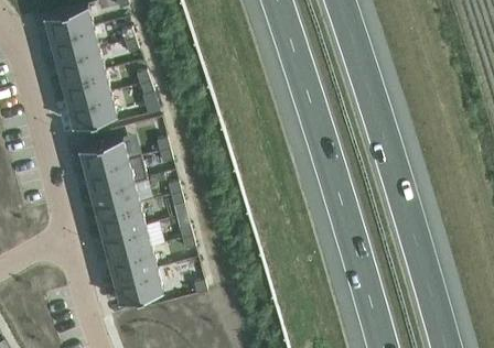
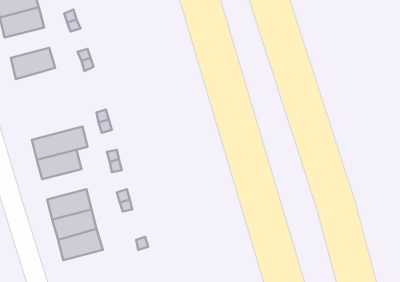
building: [55,50,104,83] -> none
building: [67,94,116,128] -> none
building: [78,138,140,172] -> none
building: [96,204,144,237] -> none

